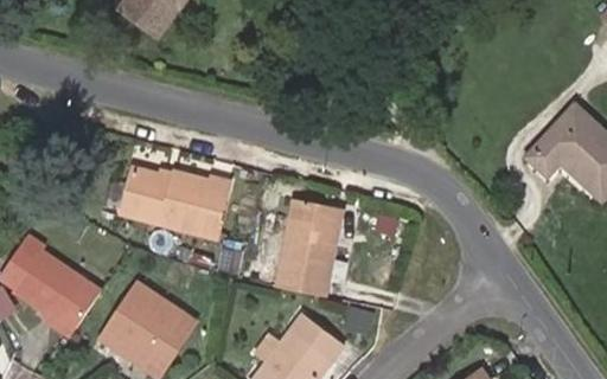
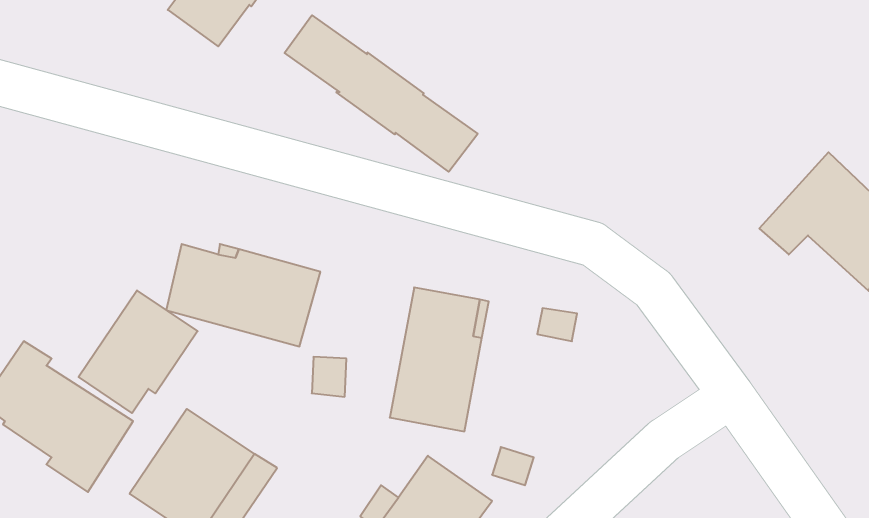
building: none -> [285,15,478,172]
building: none -> [79,290,198,413]

